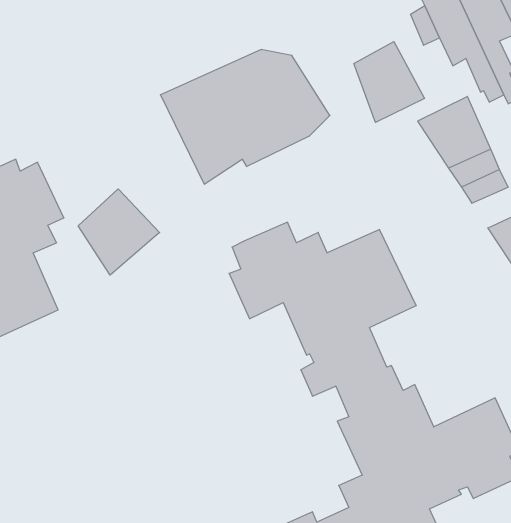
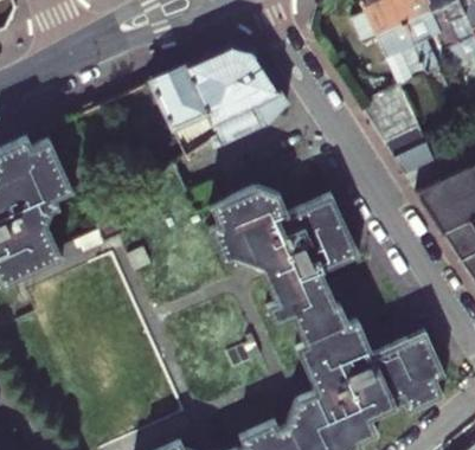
building: [354,42,425,122] -> none
building: [78,189,160,275] -> none

